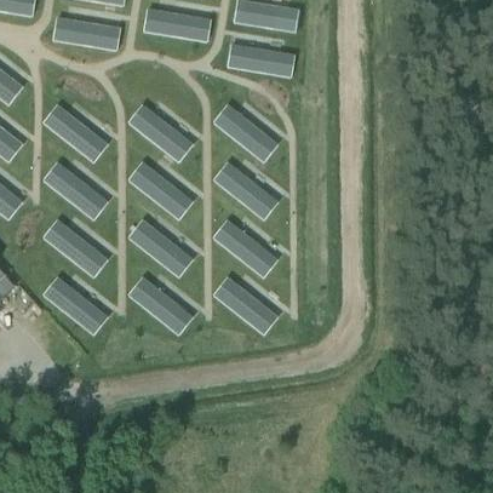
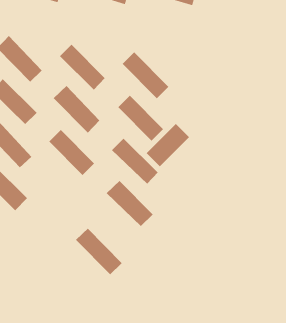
building: [225,44,294,76] -> none
building: none -> [146,123,190,167]
building: [127,275,194,334] -> [75,228,123,275]

